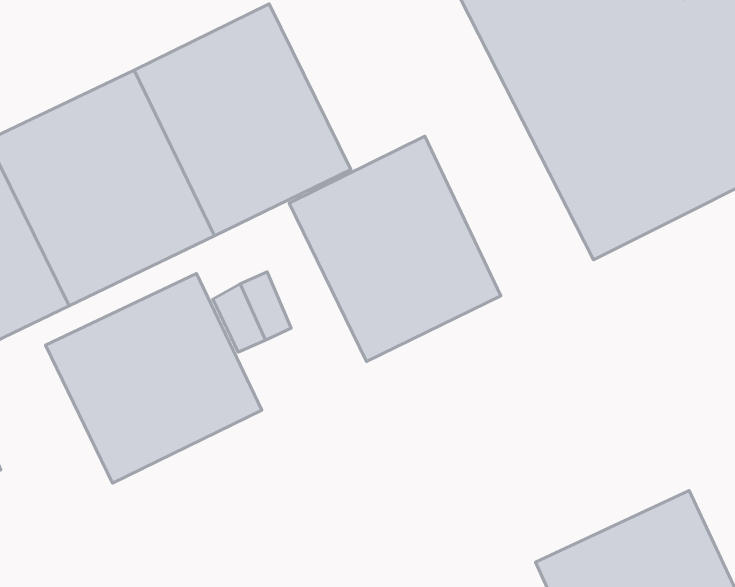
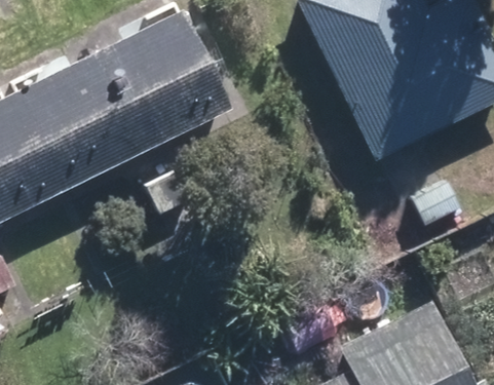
building: [289,136,501,362] -> none
building: [46,273,262,483] -> none

